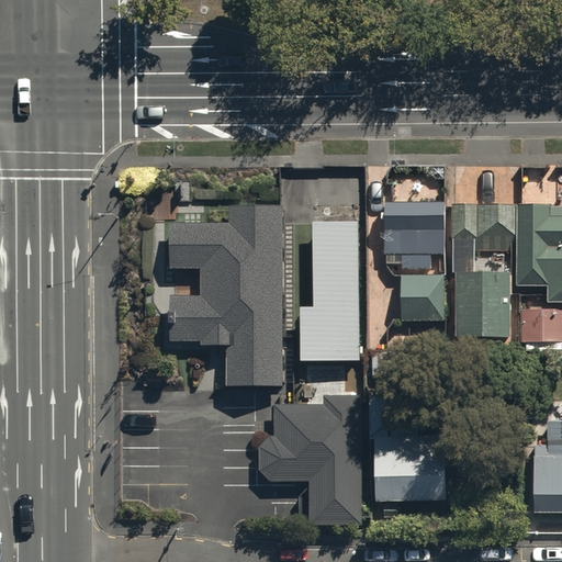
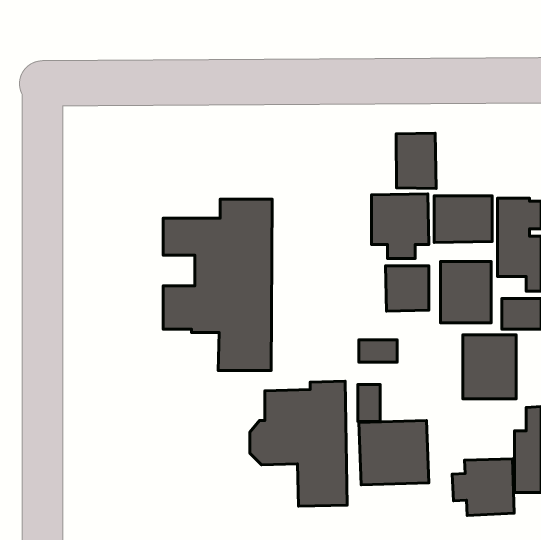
building: none -> [396,133,436,188]
building: [299,222,358,361] -> none
building: none -> [463,335,516,399]
building: none -> [452,459,514,516]

